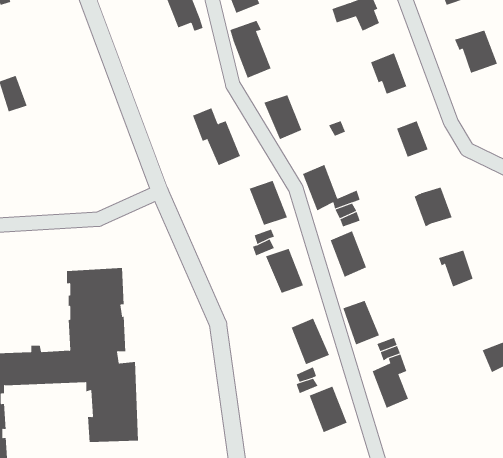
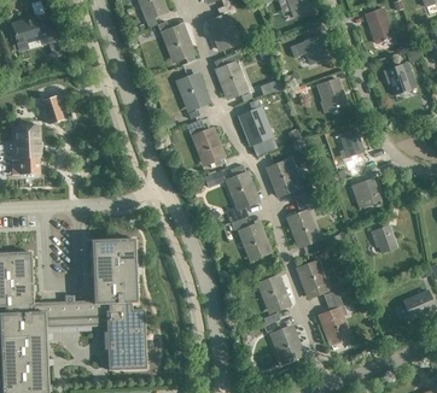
building: none -> [179,75,206,110]

